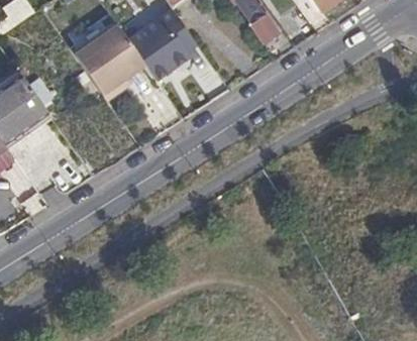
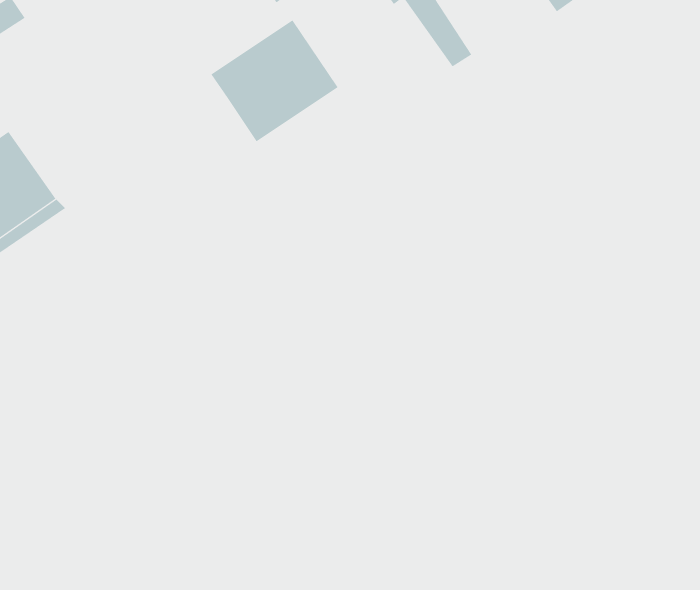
building: [74,24,140,96] -> none

